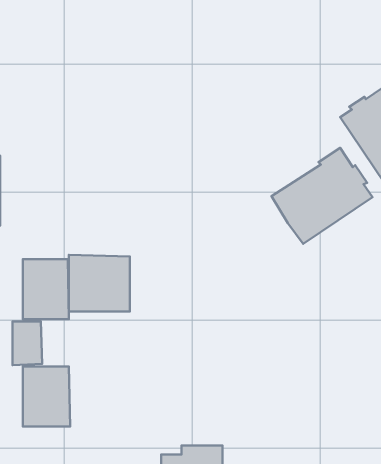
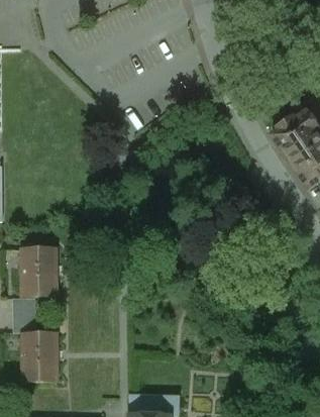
building: [272,148,372,244] -> none
building: [69,255,130,311] -> none

